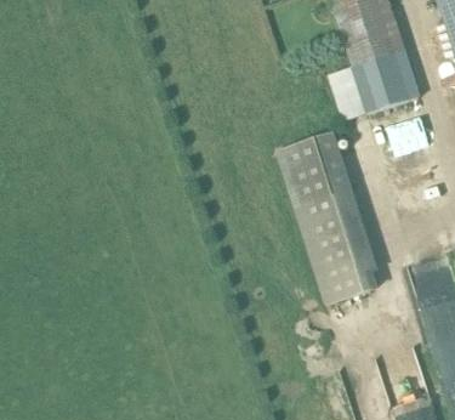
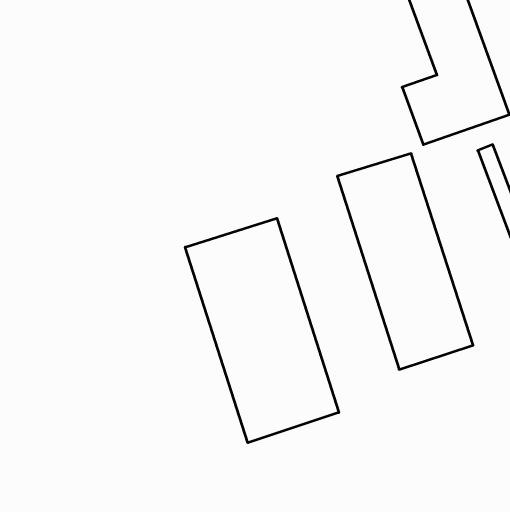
building: none -> [185,218,339,443]

